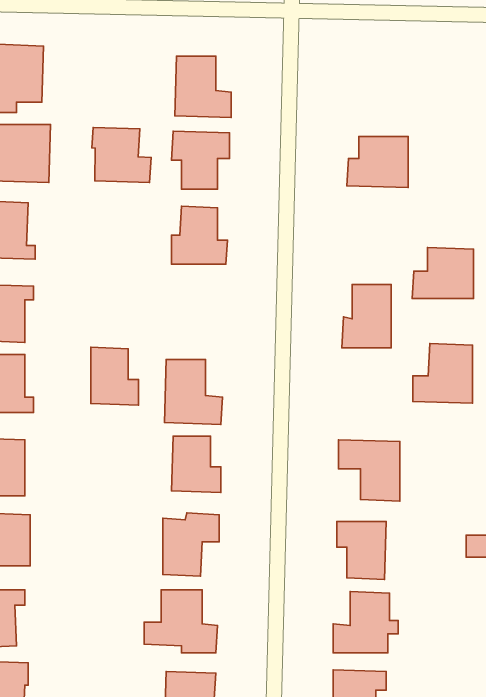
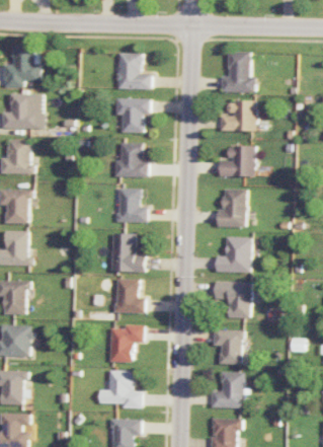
building: none -> [220,51,254,91]
building: [92,128,151,183] -> none
building: [412,247,474,299] -> [218,145,254,175]
building: [413,343,472,403] -> [215,236,250,272]
building: [91,347,138,405] -> [117,188,146,222]

